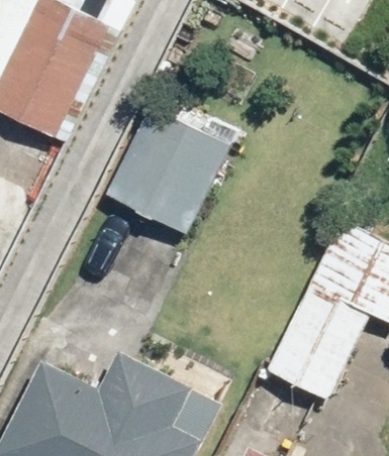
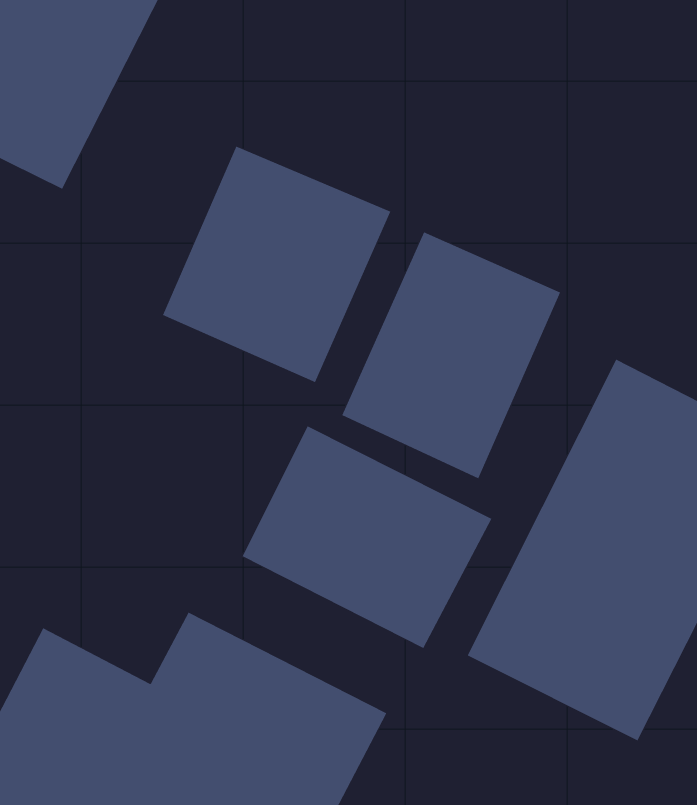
building: none -> [341,232,561,479]
building: none -> [242,426,492,649]

